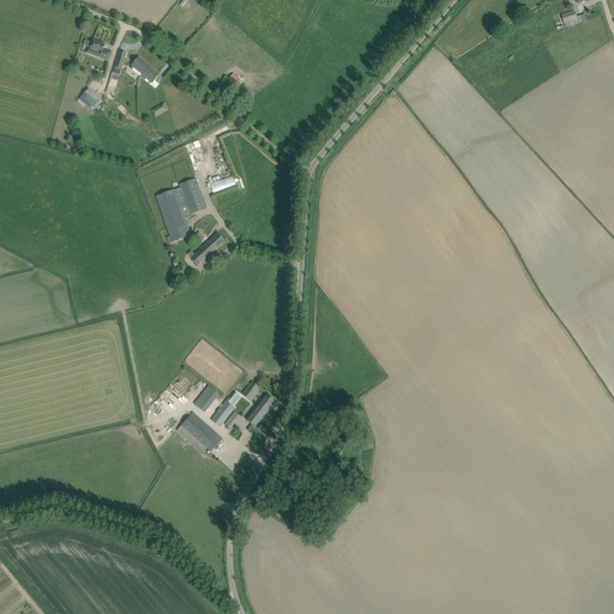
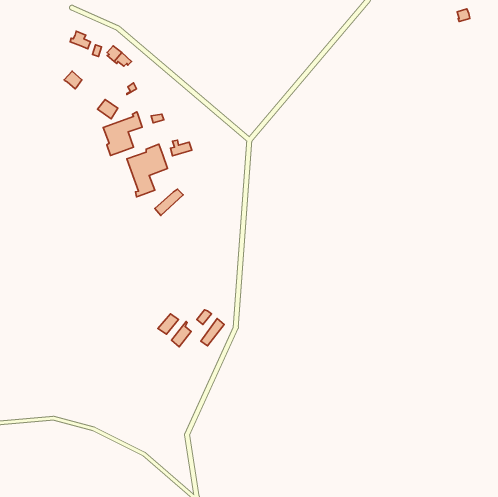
building: none -> [103,112,142,155]
building: [177,411,223,453] -> none

